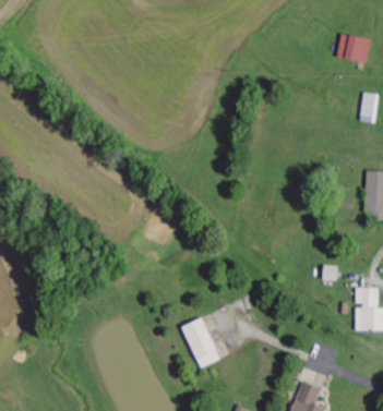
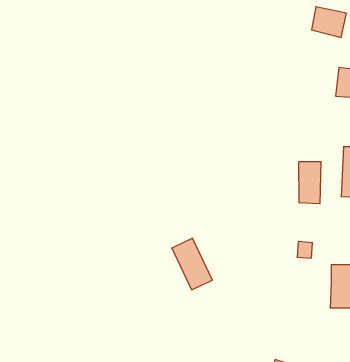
building: none -> [299,162,321,204]
building: [180,317,220,368] -> [172,238,212,290]

